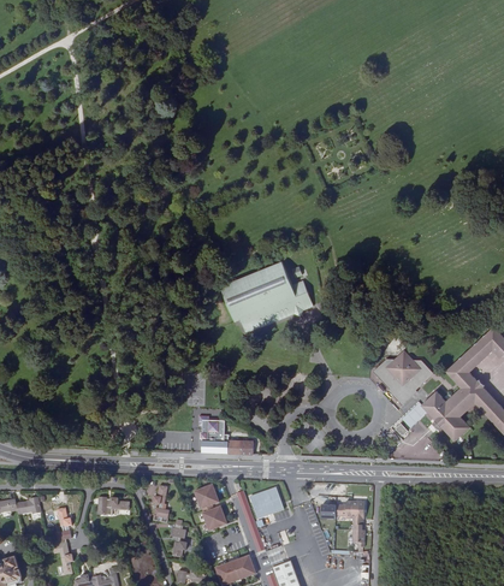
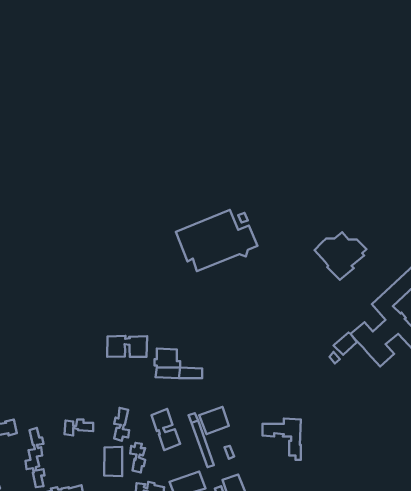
building: [373,349,432,403] -> [314,232,366,280]
building: none -> [107,336,147,357]
building: none -> [104,447,122,476]

